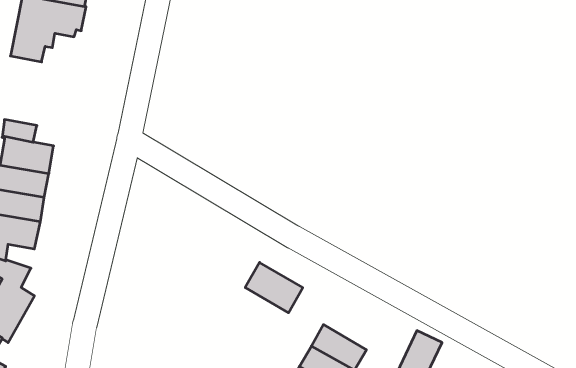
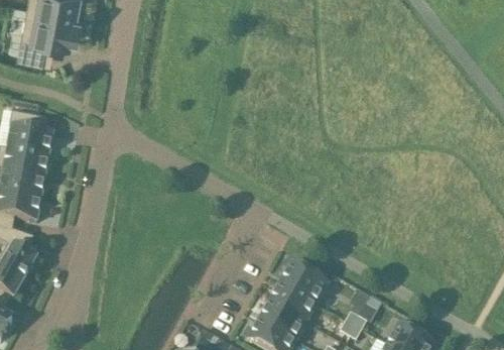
building: [245,262,303,313] -> [280,261,329,304]

